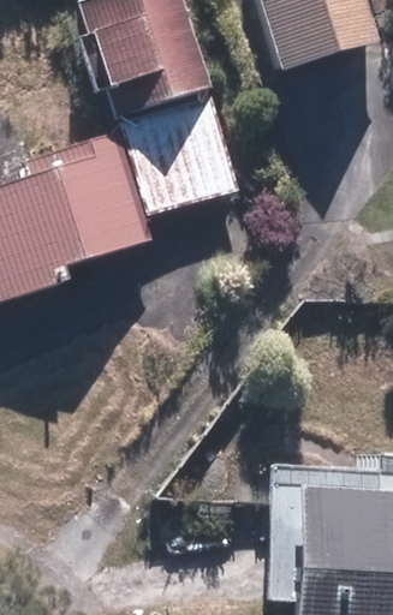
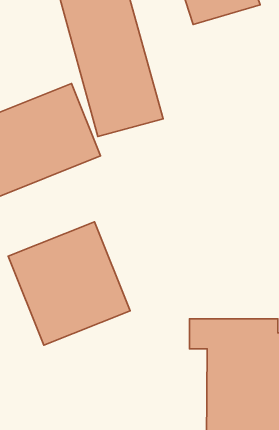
building: none -> [8,222,130,345]

